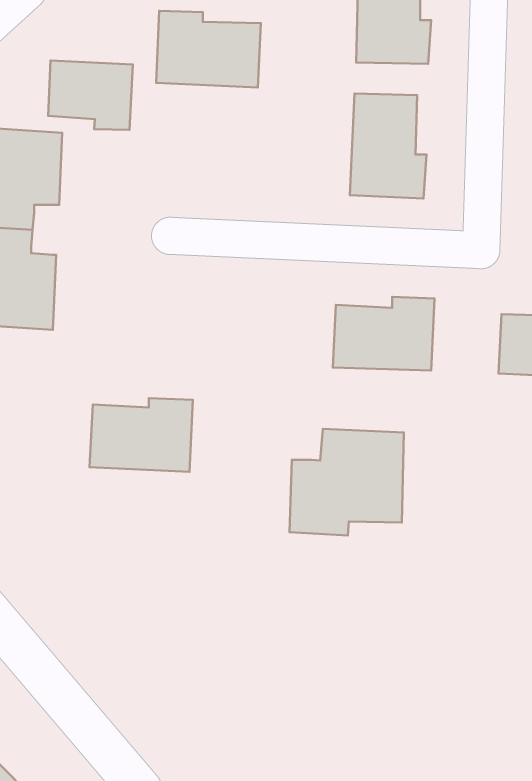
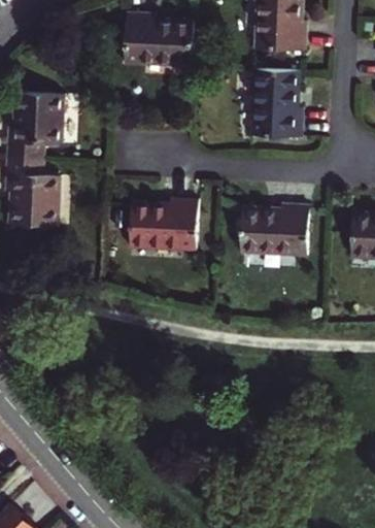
building: [48,61,133,130] -> none
building: [90,398,193,472] -> [130,199,198,248]
building: [290,429,404,536] -> none

